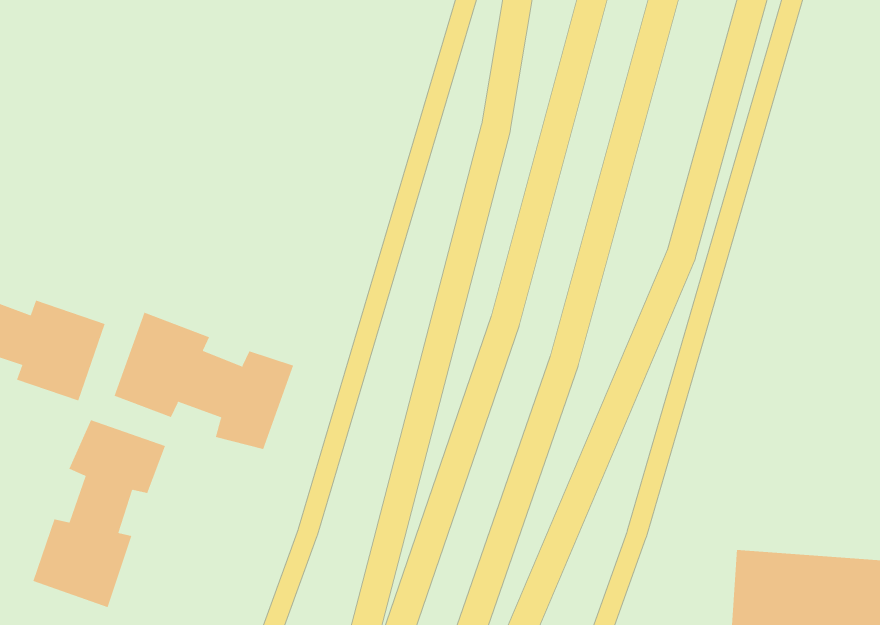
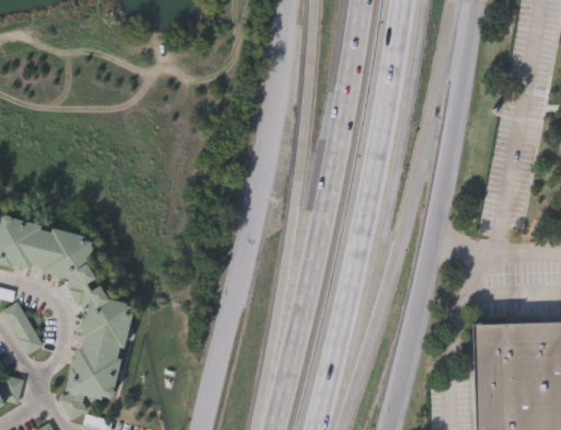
building: [114,312,294,450] -> none

